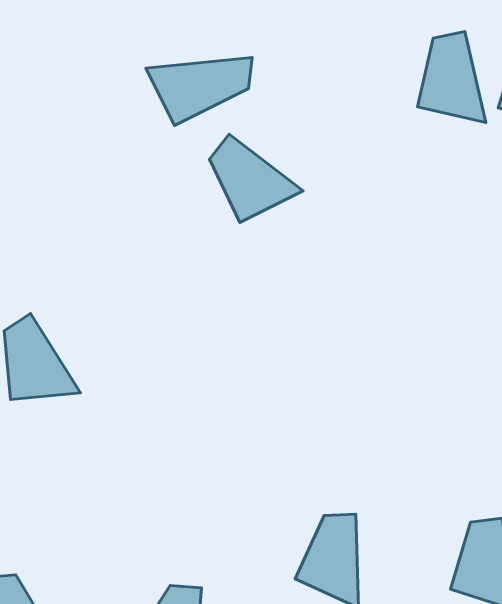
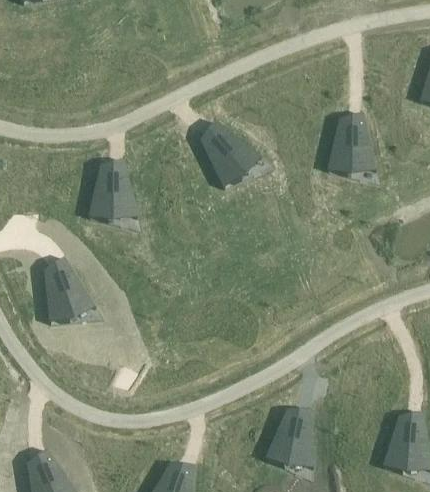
building: [417,32,486,123] -> [328,112,380,181]
building: [146,57,252,125] -> none
building: none -> [89,159,141,228]

